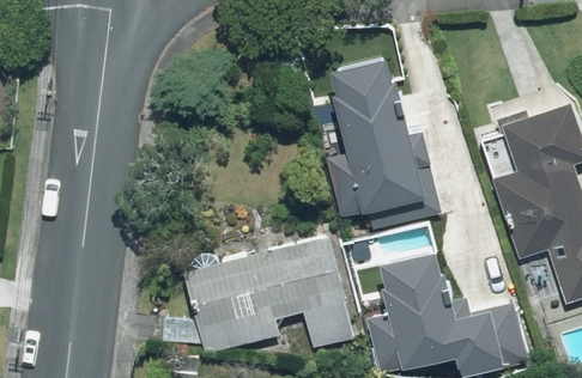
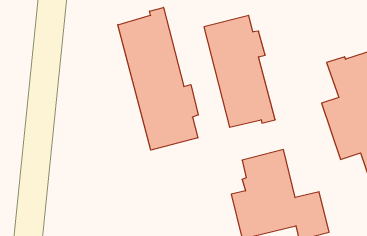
building: none -> [118,7,198,150]
building: [183,237,357,356] -> none

